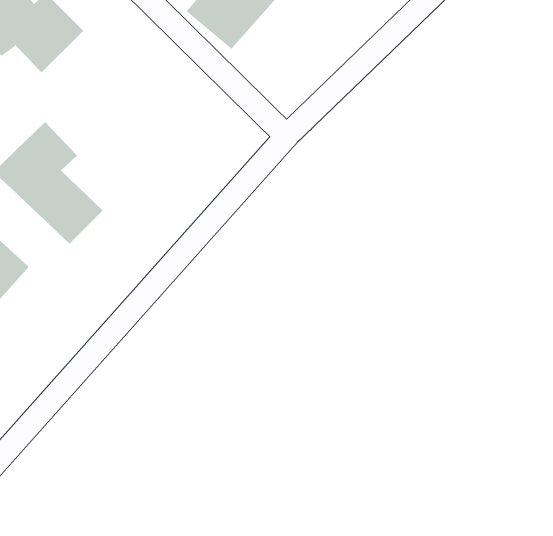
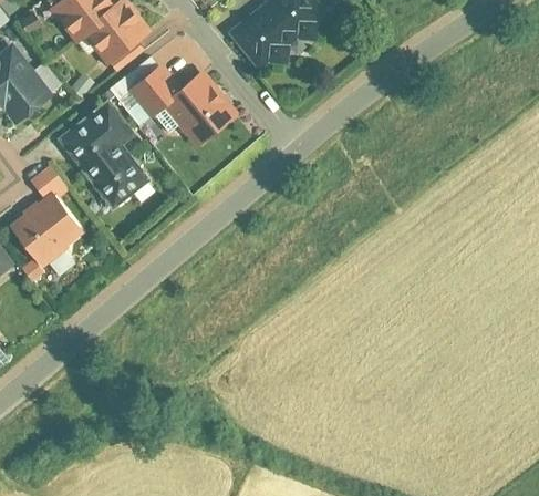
building: none -> [132,63,239,148]

